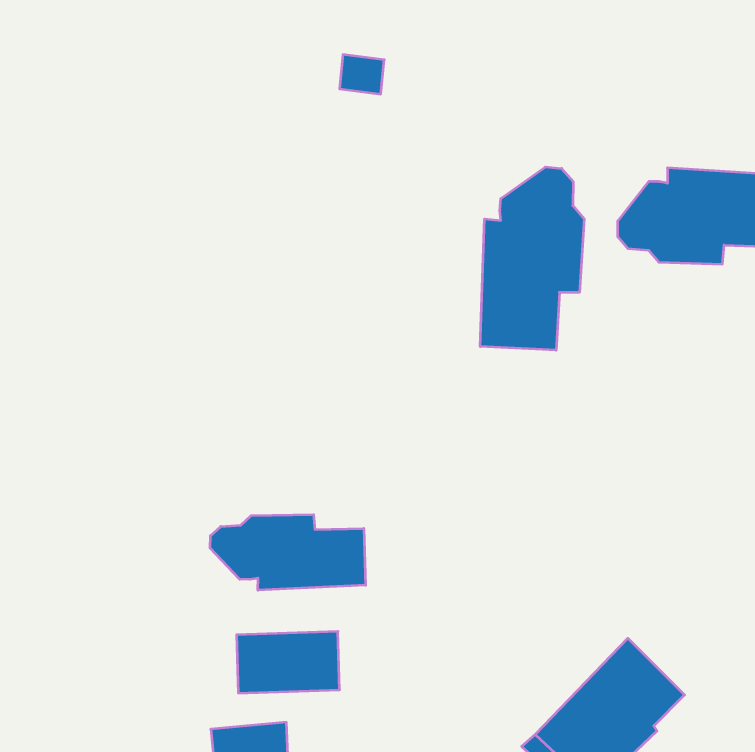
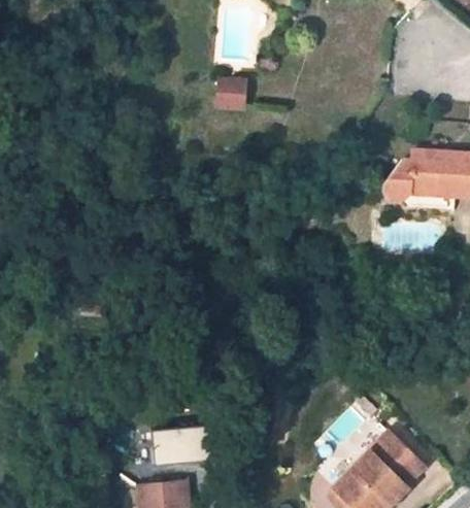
building: [480,167,584,350] -> none
building: [210,515,366,590] -> none

